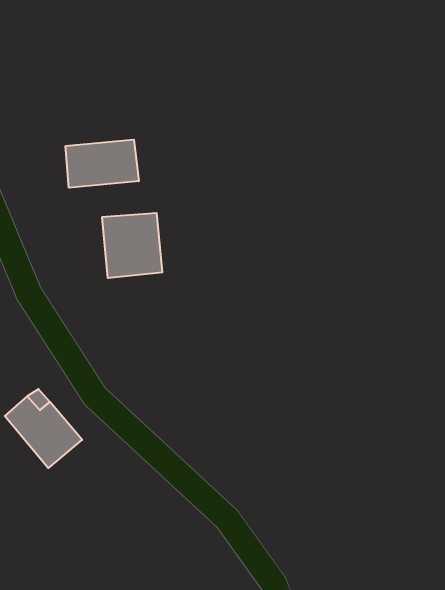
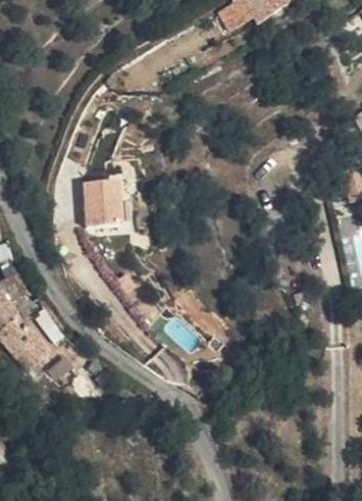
building: [66,140,139,188] -> none

